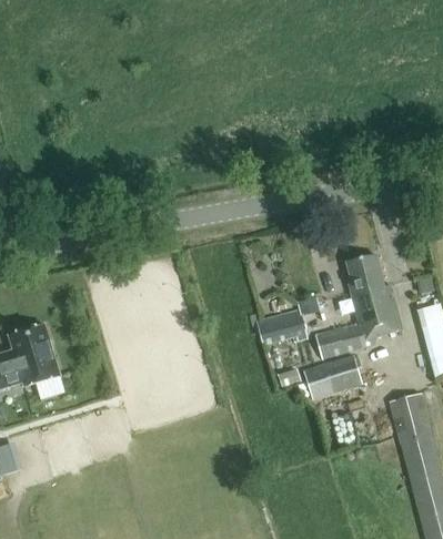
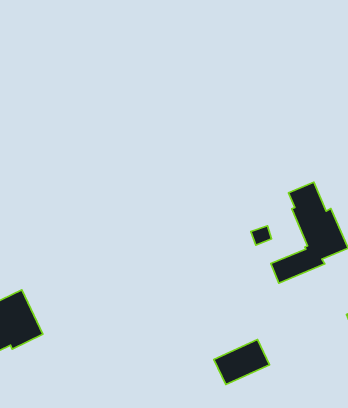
building: [256,307,305,338] -> none
building: [303,354,362,397] -> [214,340,269,384]

